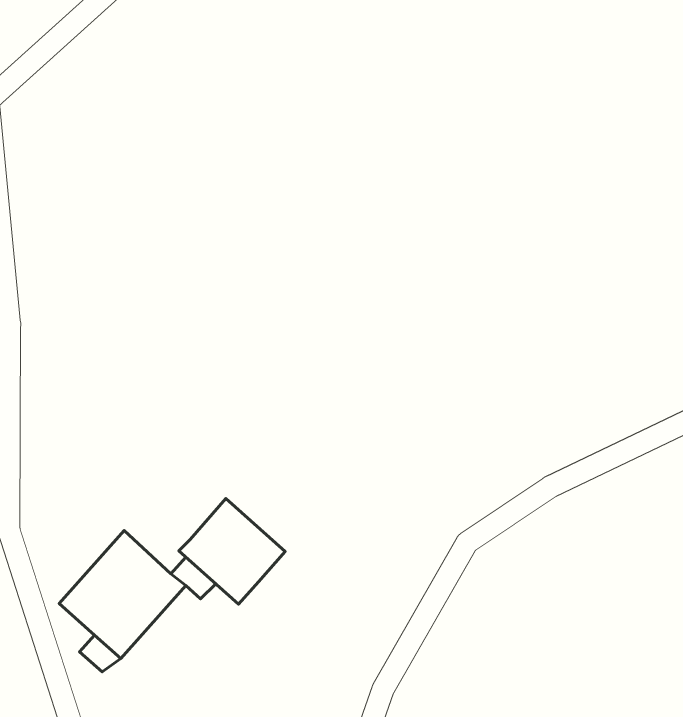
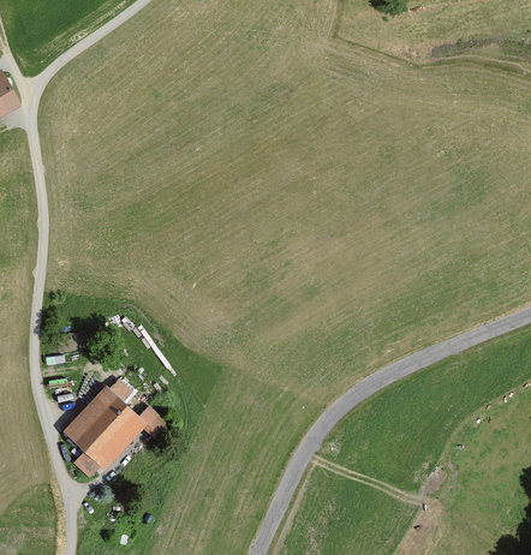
building: [179,498,285,604] -> none

